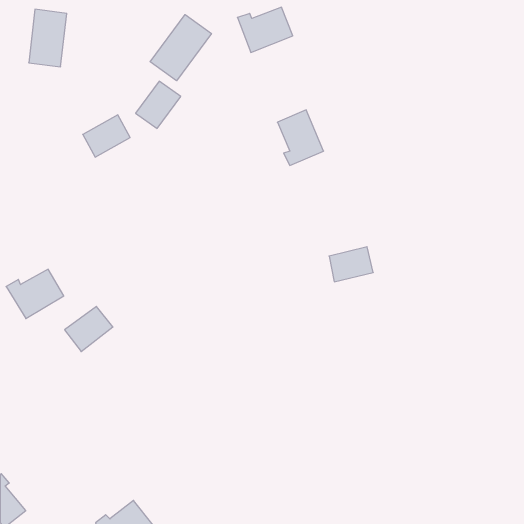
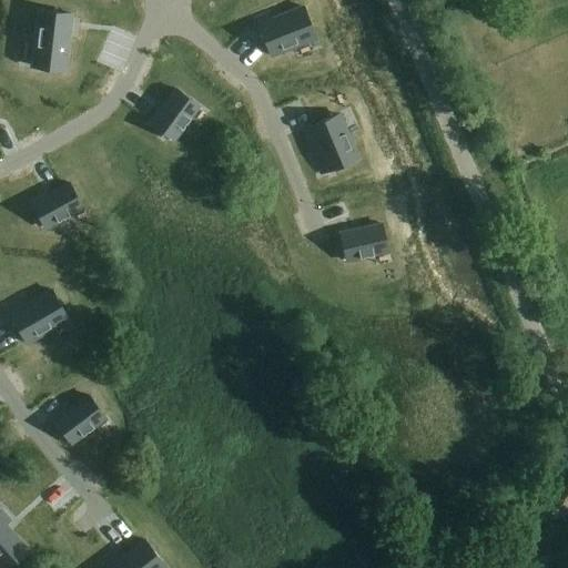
building: [150,15,211,81] -> none
building: [83,115,130,157] -> [31,181,82,226]
building: [329,247,373,282] -> [338,226,386,264]
building: [65,306,113,352] -> [55,397,108,446]

